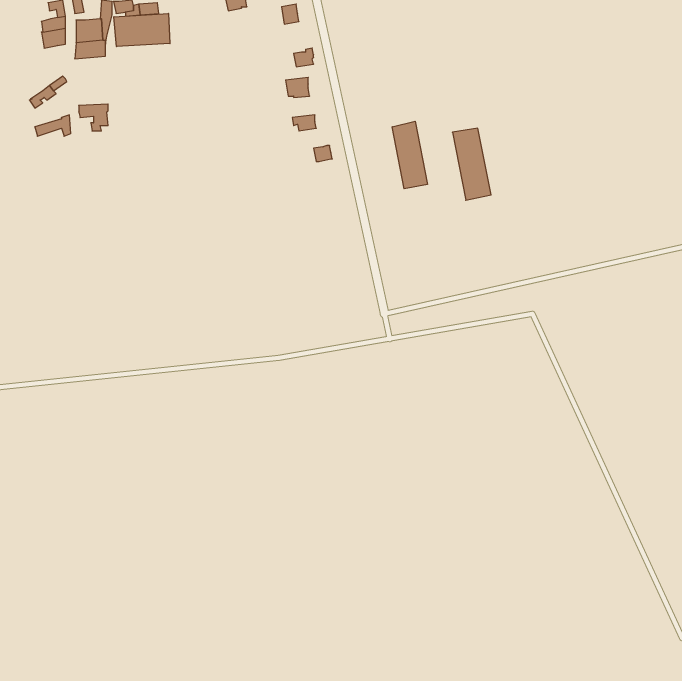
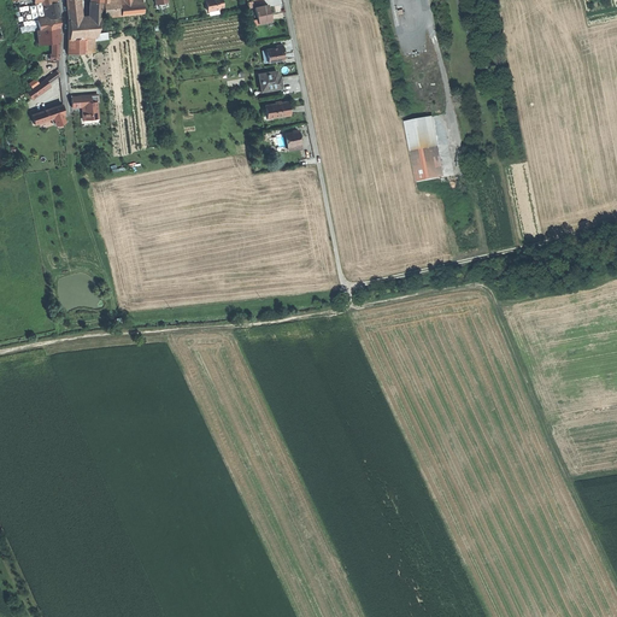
building: [114,13,170,47] -> none
building: [392,121,427,189] -> none

